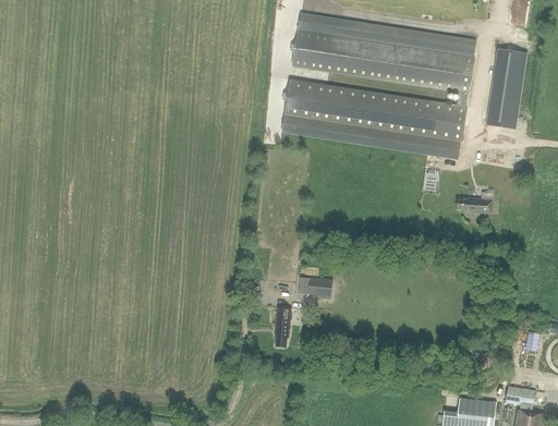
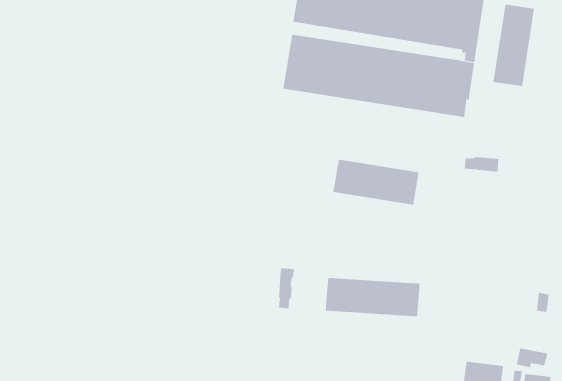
building: none -> [333,159,419,205]
building: [299,276,332,297] -> none
building: none -> [325,277,420,317]

